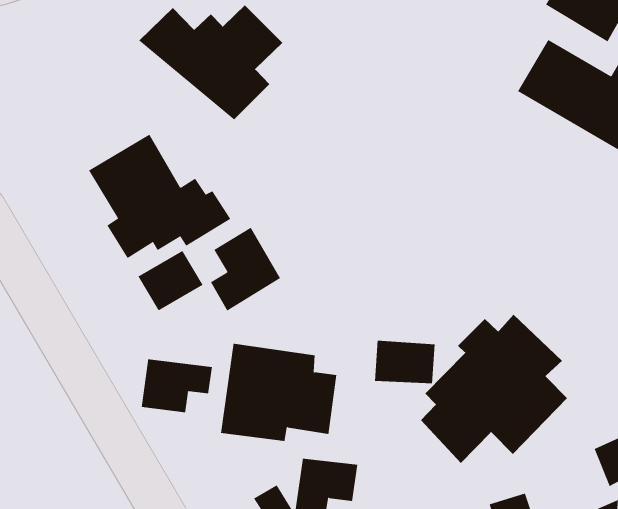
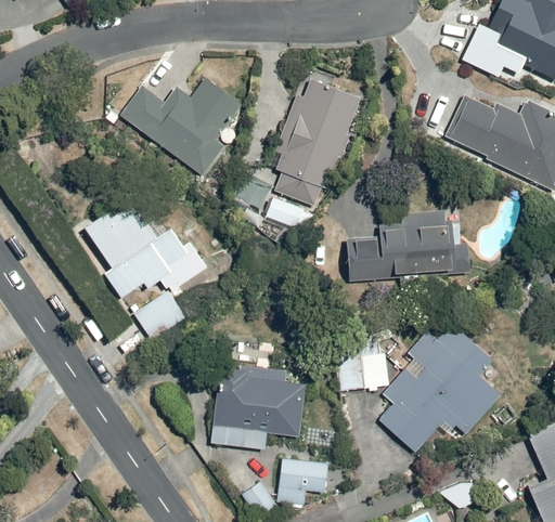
building: none -> [264,75,365,230]
building: none -> [347,209,460,284]
building: [210,227,281,311] -> none
building: [141,359,212,413] -> none

